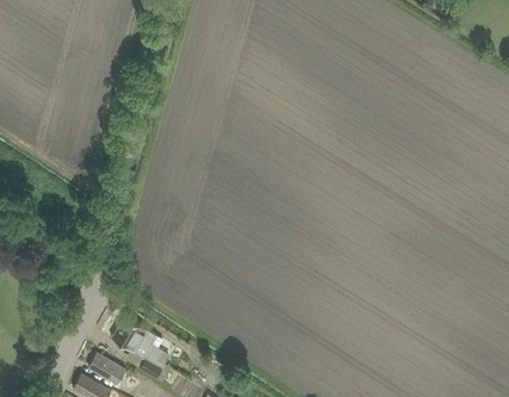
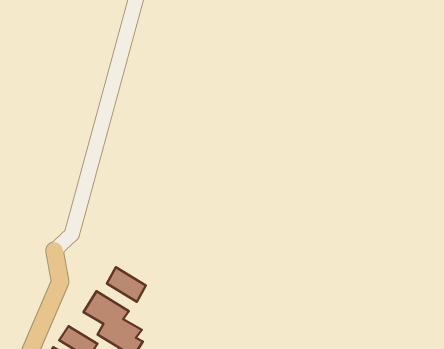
building: none -> [107,267,146,302]

